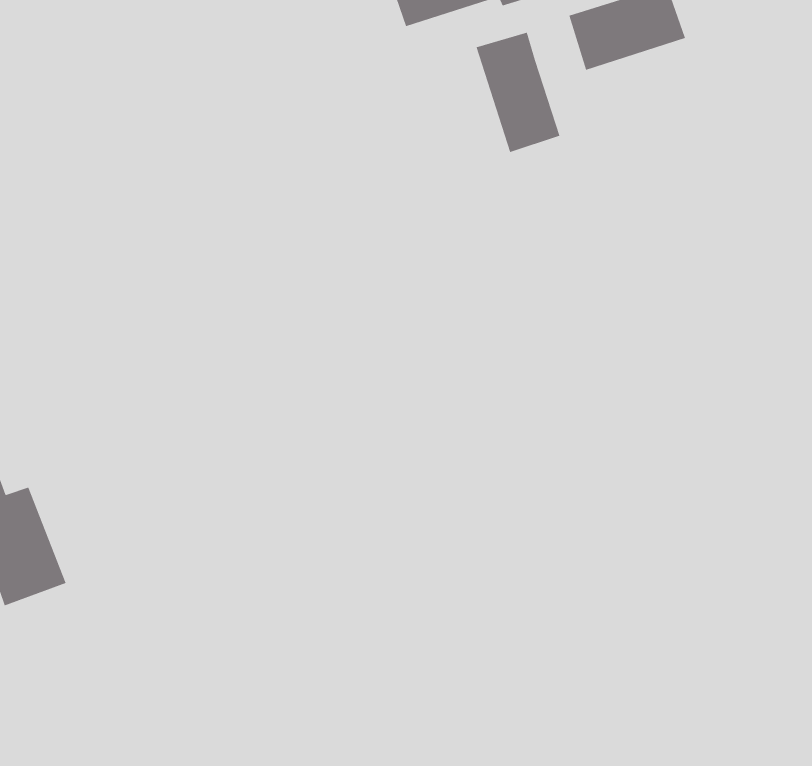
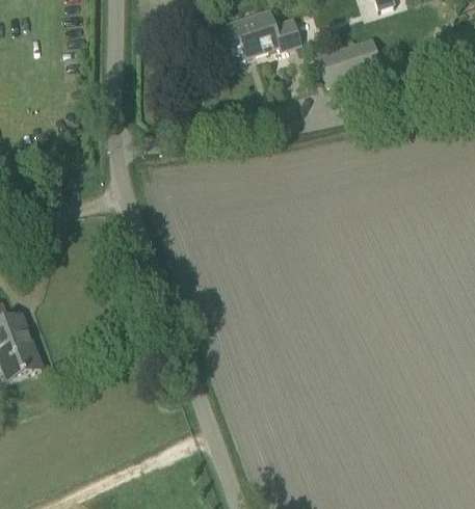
building: [476,32,560,153] -> none

